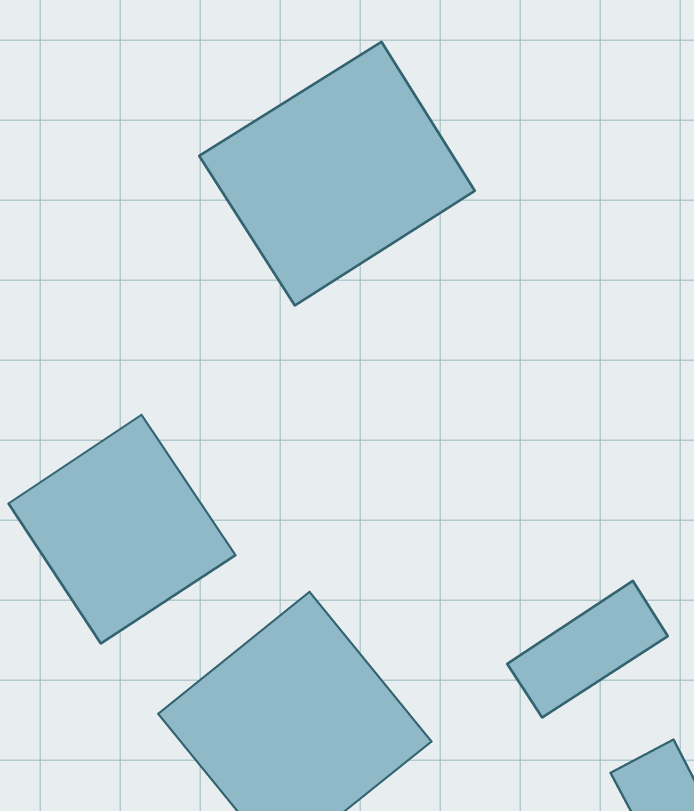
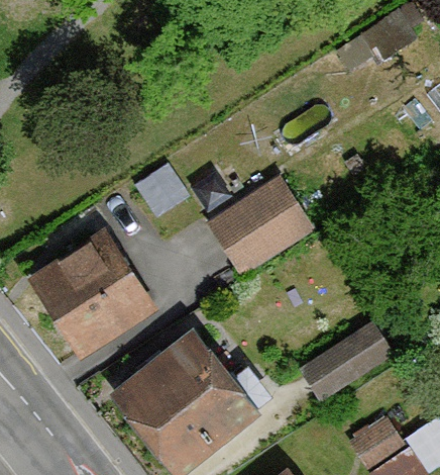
building: [199,42,475,305] -> none
building: none -> [209,179,312,275]

